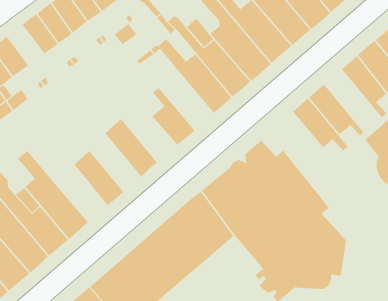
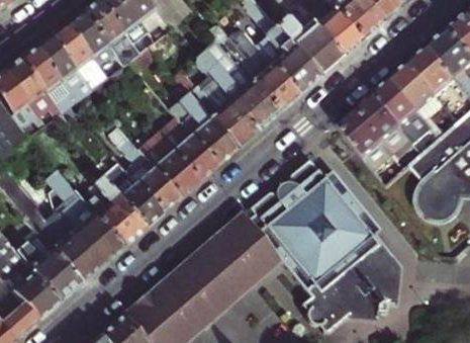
building: none -> [33,35,74,79]
building: none -> [197,80,256,149]
building: none -> [375,83,437,141]
building: none -> [153,114,216,183]
building: none -> [116,138,178,215]
building: none -> [84,178,142,247]

